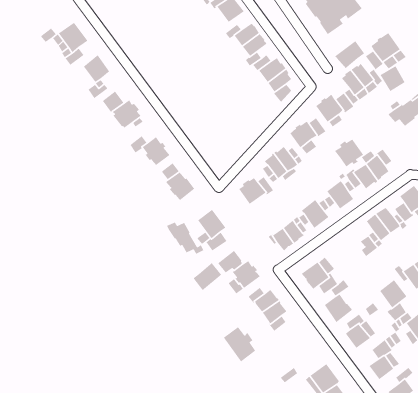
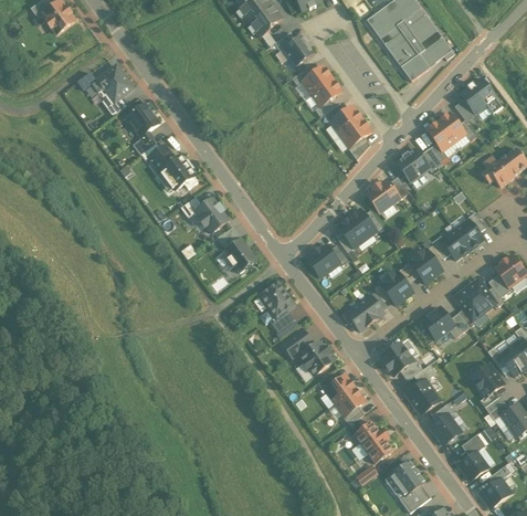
building: [334,40,365,69] -> none
building: [379,65,406,92] -> none
building: [334,138,364,168] -> none
building: [166,221,204,255] -> none
building: none -> [422,307,454,339]
building: [192,262,222,291] -> none
building: [223,326,256,362] -> [354,421,392,463]

